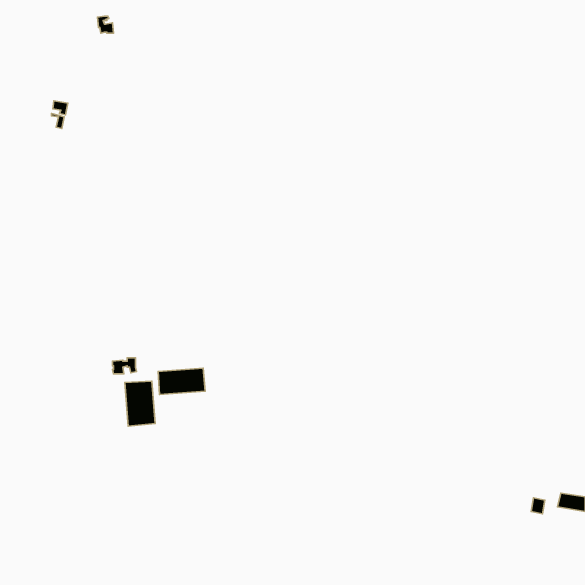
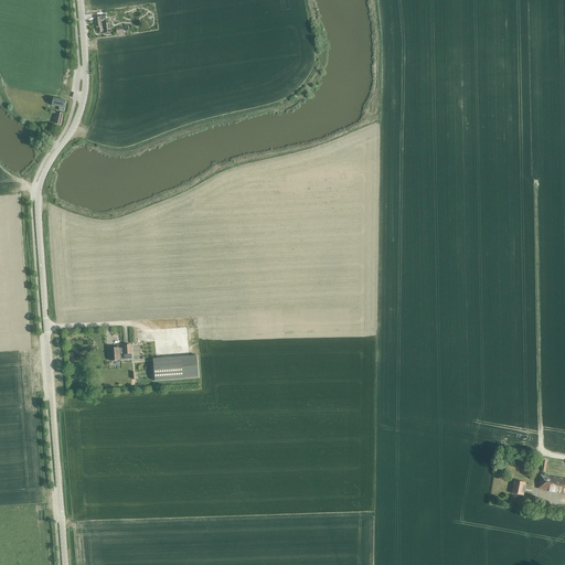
building: [125,381,155,426] -> none

